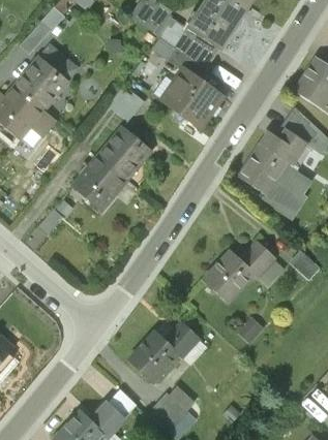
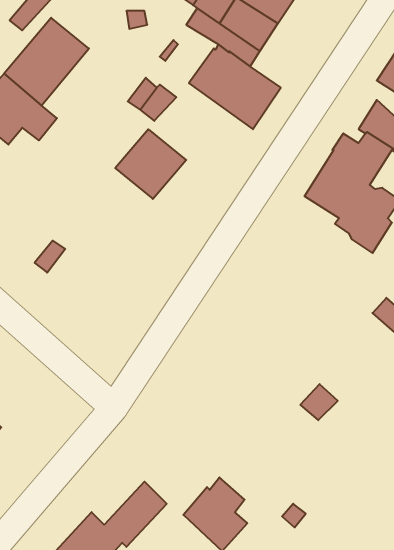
building: [73,156,126,209] -> none
building: [203,242,285,301] -> none
building: [128,321,207,381] -> none

